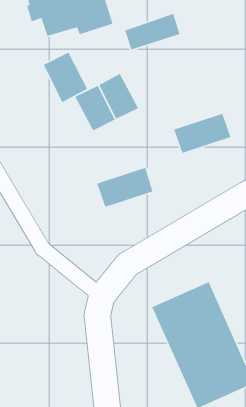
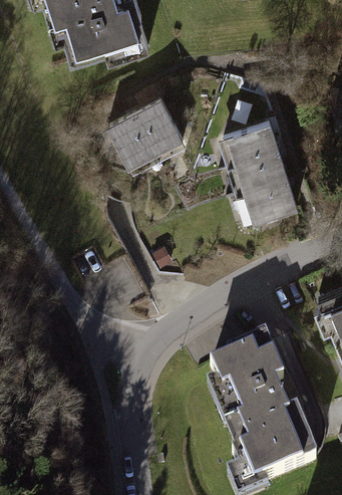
building: [124,13,181,51] -> [217,118,283,163]
building: [43,51,88,103] -> none
building: [96,167,154,208] -> [235,173,302,221]

